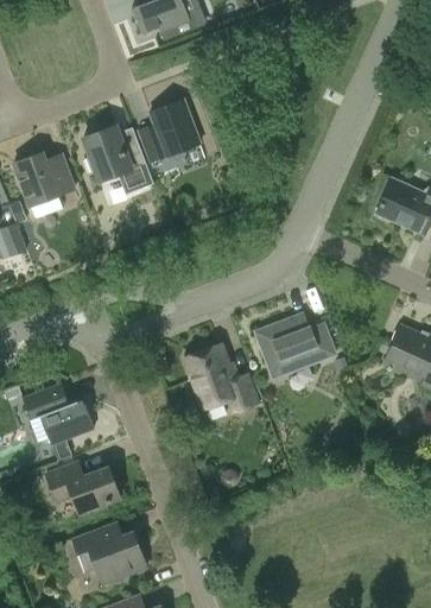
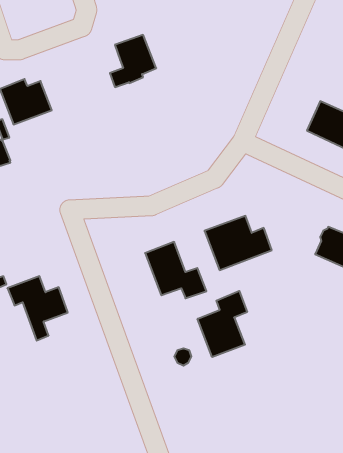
building: [83,125,153,195] -> none
building: none -> [198,291,247,357]
building: [46,462,120,513] -> none
building: [72,521,147,584] -> none

